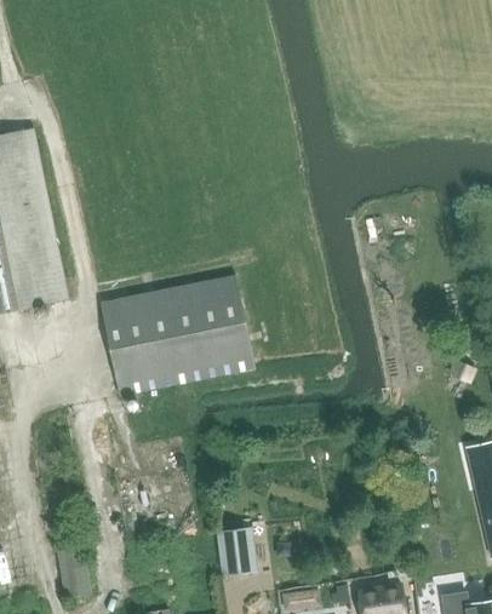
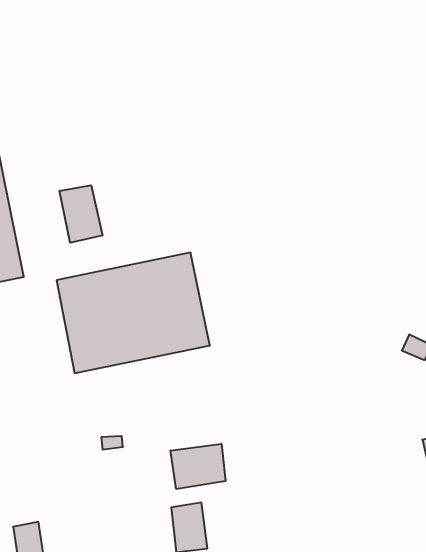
building: none -> [60,185,102,243]
building: none -> [171,444,225,489]

